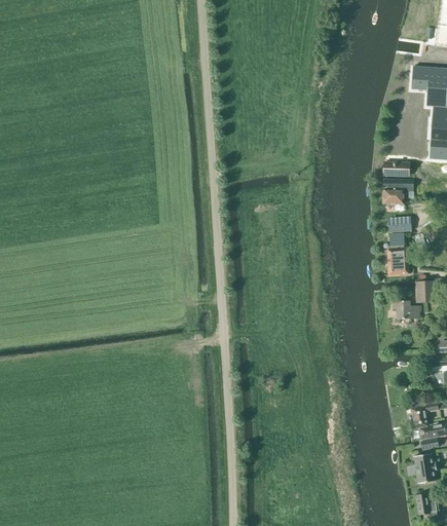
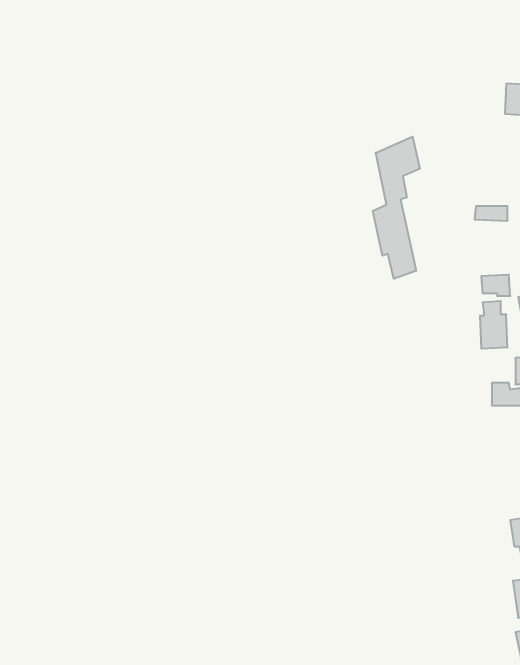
building: none -> [373,137,420,279]
building: [382,179,413,203] -> none

